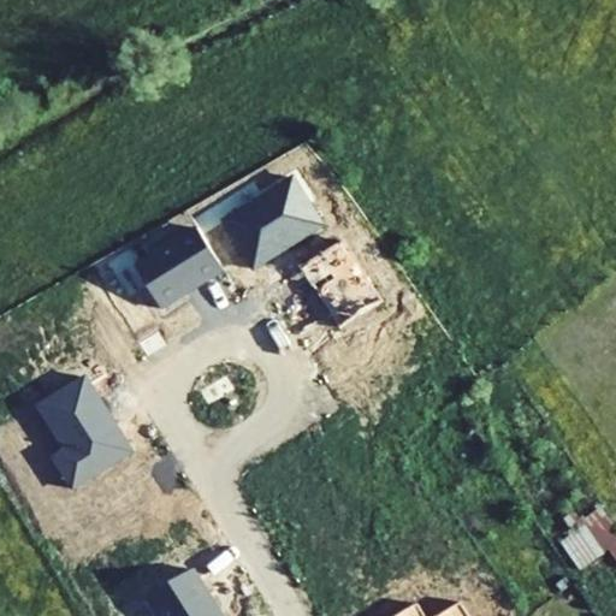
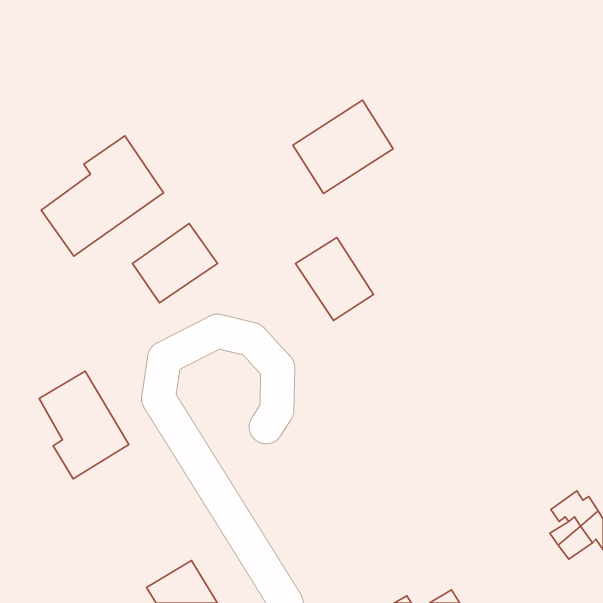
building: none -> [41,136,164,256]
building: [223,173,325,268] -> [293,100,393,194]

